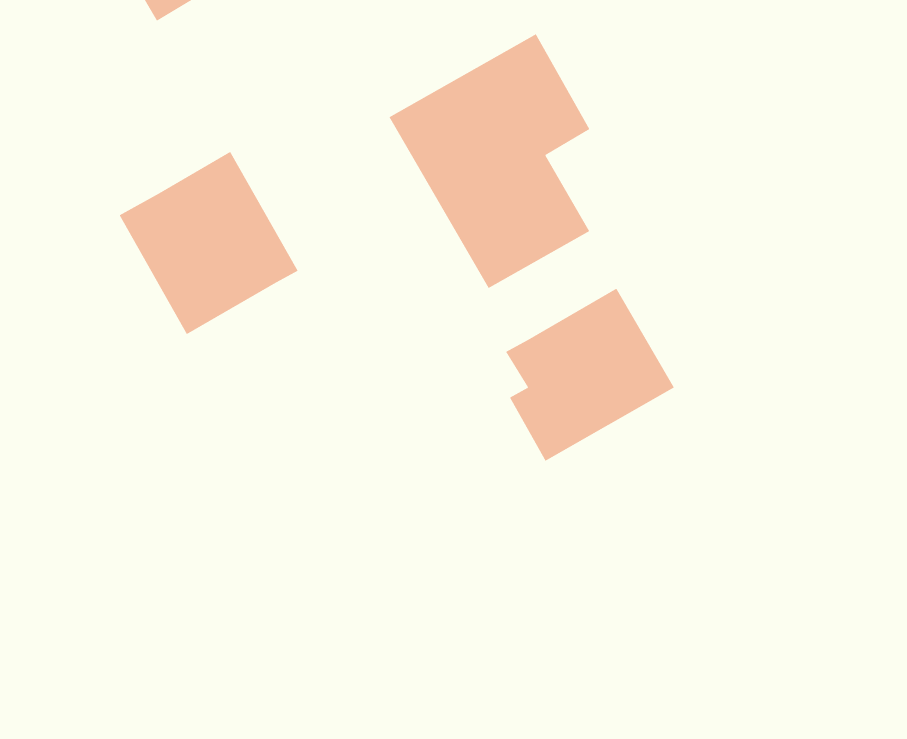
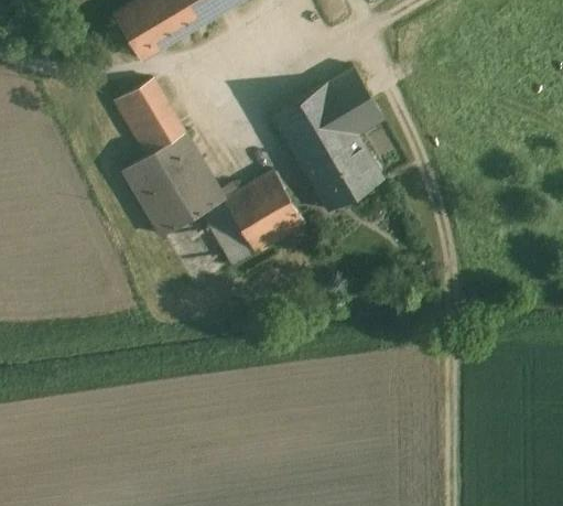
building: none -> [113,78,184,155]
building: [505,288,675,461] -> [209,170,303,266]

